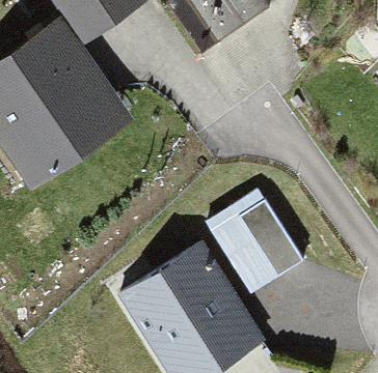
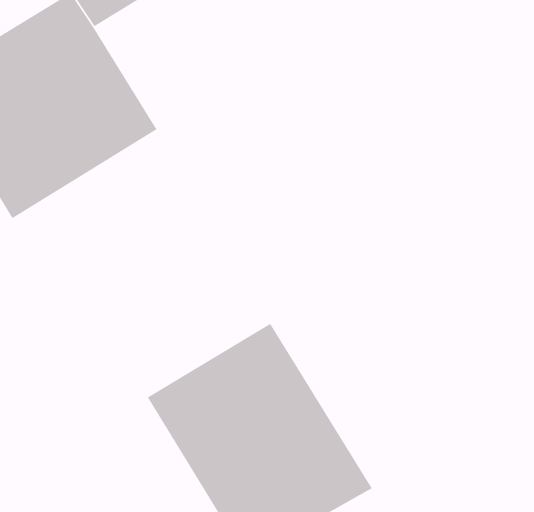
building: [214,191,306,288] -> none

